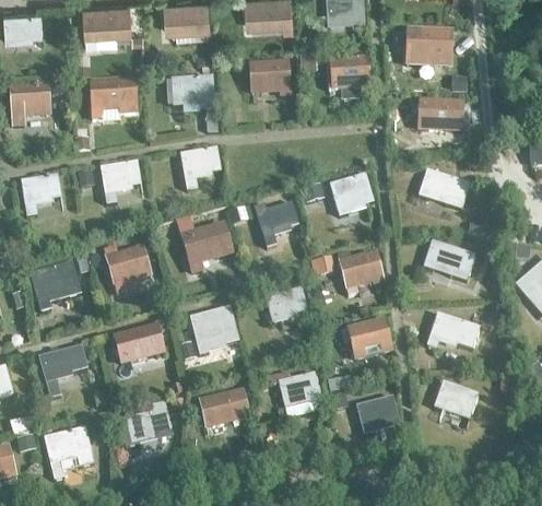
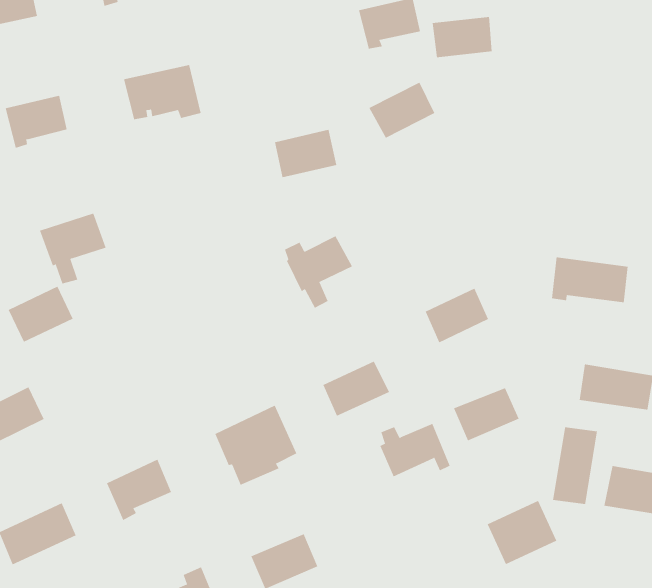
building: [250,62,288,89] -> [274,129,337,178]
building: [419,101,458,126] -> [432,16,493,58]
building: [180,148,221,191] -> none
building: [419,170,471,207] -> none
building: [330,179,373,212] -> [368,82,435,139]
building: [180,225,224,259] -> none
building: [107,247,149,280] -> [8,286,74,343]
building: none -> [553,427,598,505]
building: [279,372,322,405] -> [379,423,450,477]

